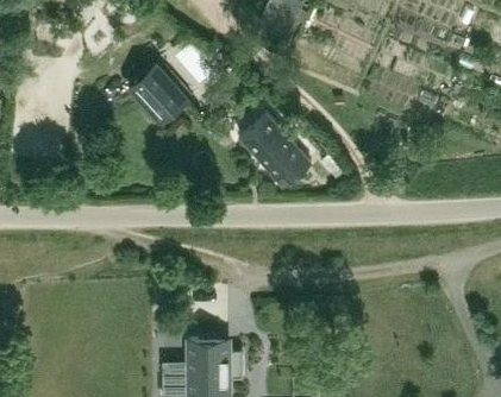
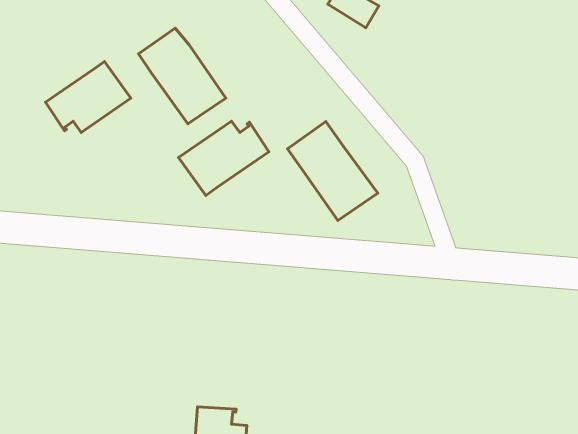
building: none -> [45,61,131,132]
building: none -> [179,121,269,195]

